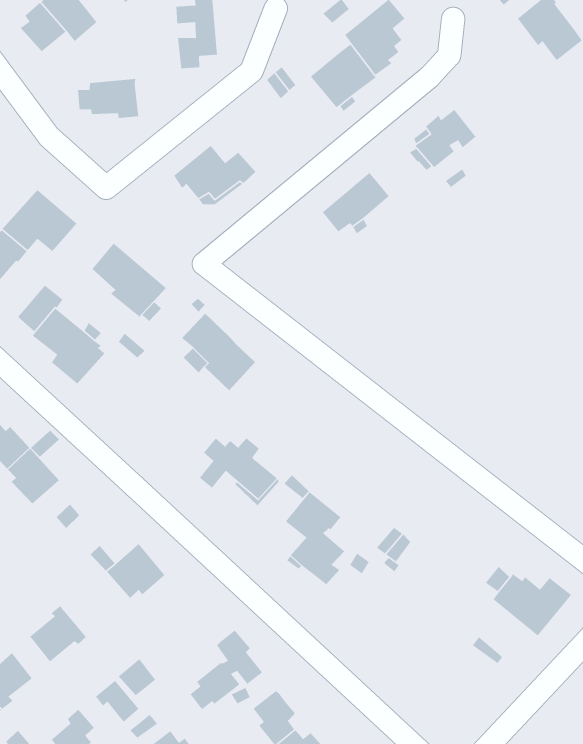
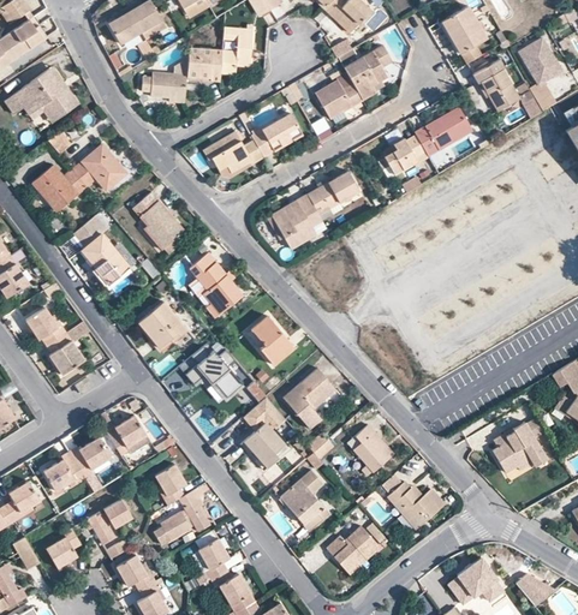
building: none -> [186,46,222,82]
building: none -> [415,106,472,165]
building: none -> [251,112,303,156]
building: none -> [267,193,323,249]
building: none -> [251,316,294,365]
building: none -> [138,300,187,348]
building: none -> [282,368,335,429]
building: none -> [352,423,394,476]
building: none -> [280,470,330,531]
building: none -> [70,436,112,477]
building: none -> [155,462,186,504]
building: none -> [327,525,380,574]

